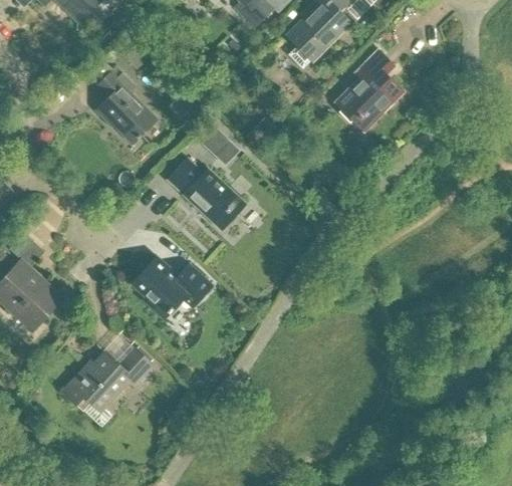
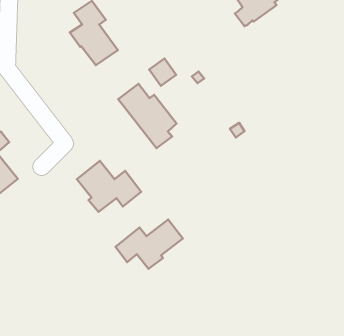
building: [335,49,403,131] -> none
building: none -> [116,220,183,269]
building: [63,348,155,411] -> none

